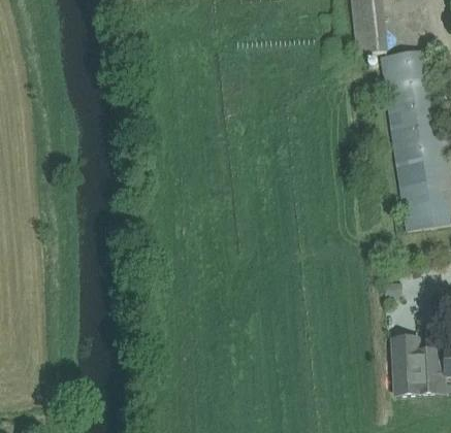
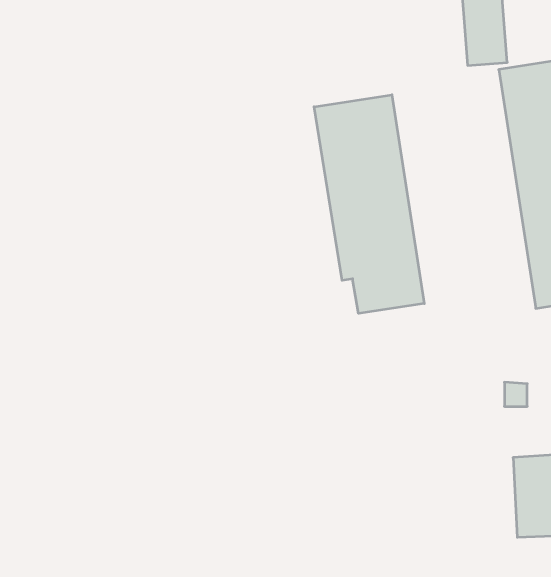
building: none -> [314,95,424,313]

